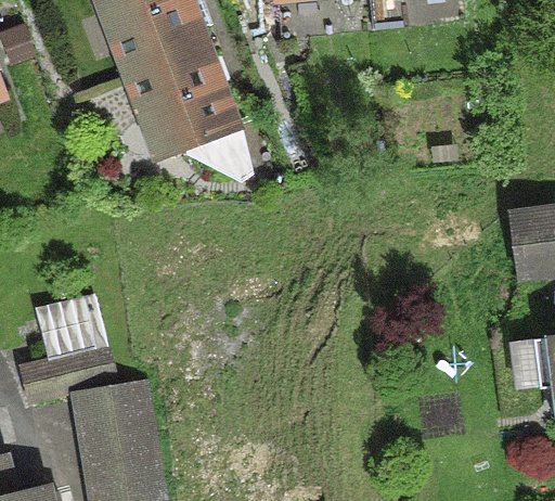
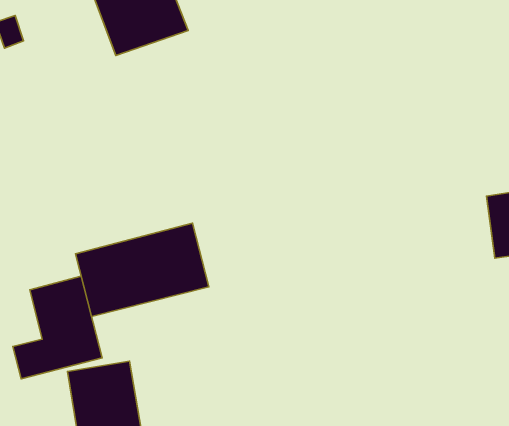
building: [126,40,247,177] -> none
building: none -> [76,223,209,317]

